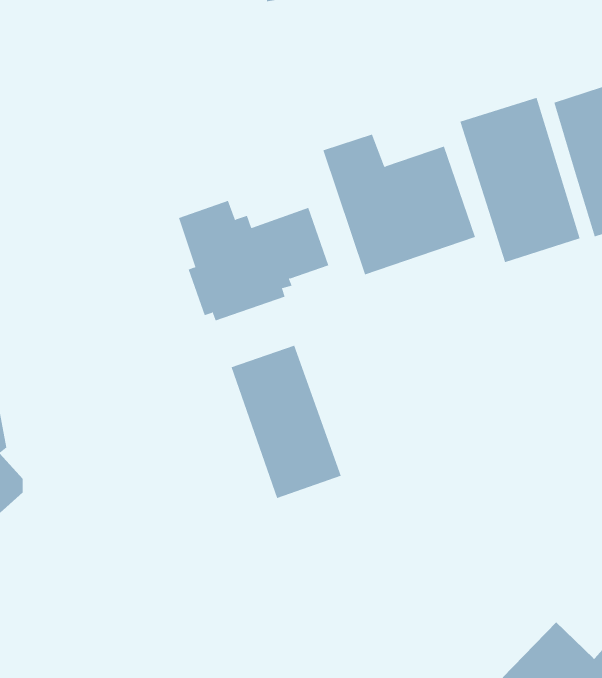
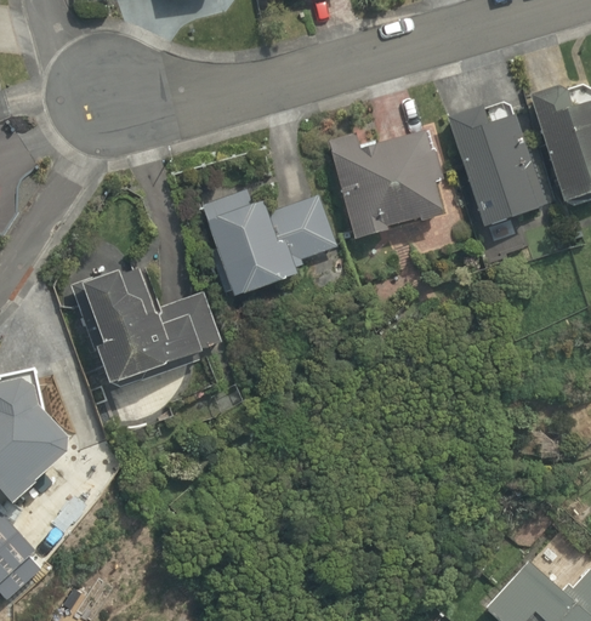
building: none -> [67,268,218,386]
building: [231,345,341,499] -> none

